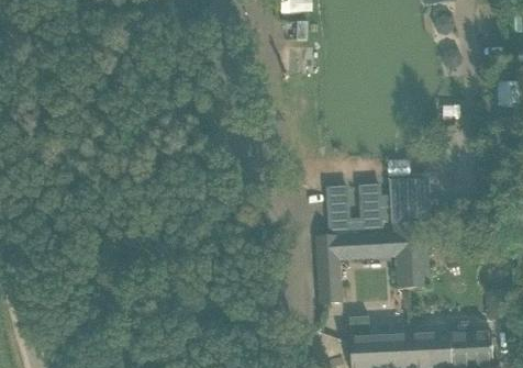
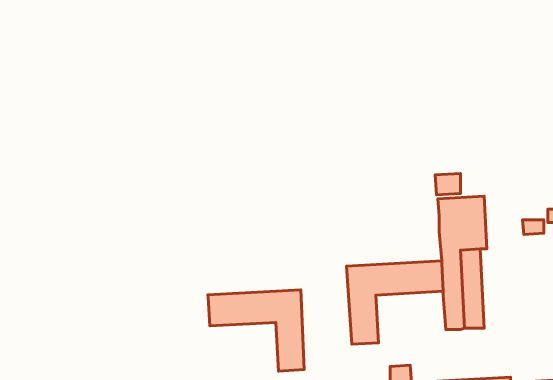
building: [327,183,391,231] -> none
building: none -> [208,290,304,371]

